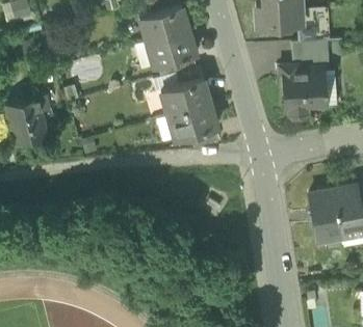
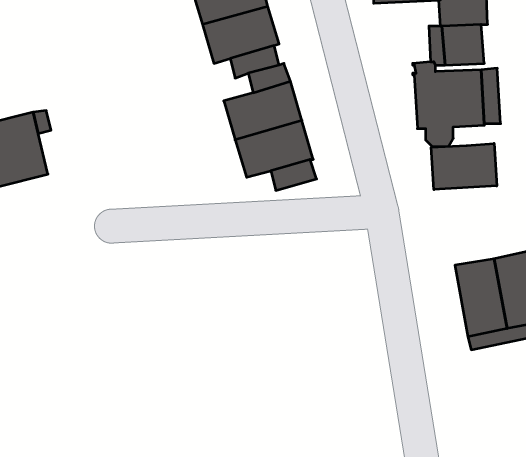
building: none -> [431,143,497,190]

